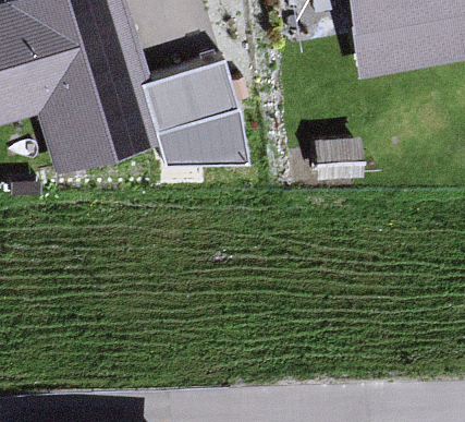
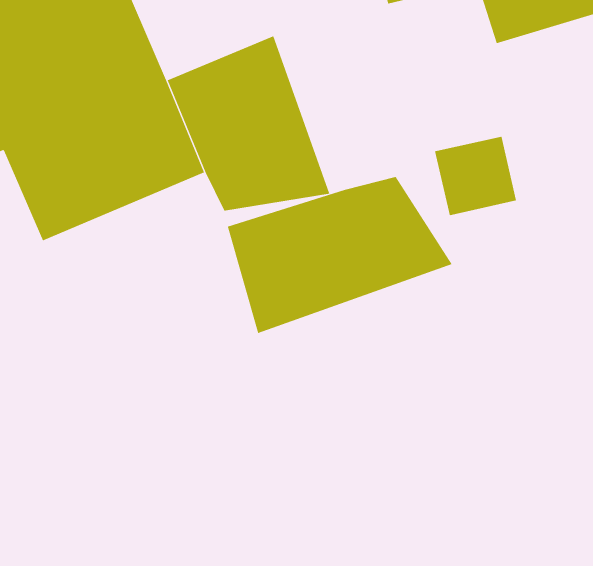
building: none -> [227,176,453,334]

